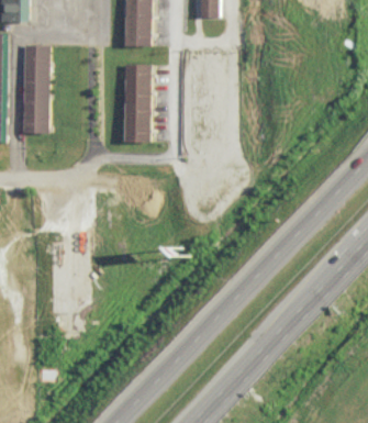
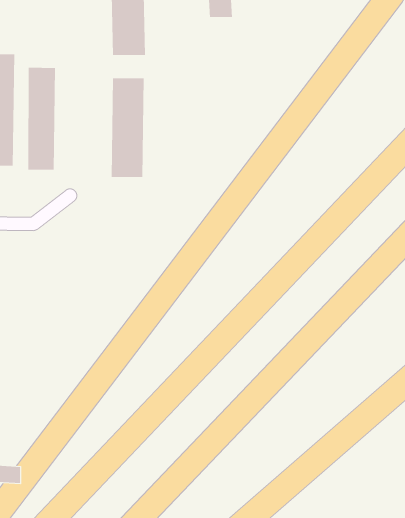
building: none -> [28,67,56,171]

